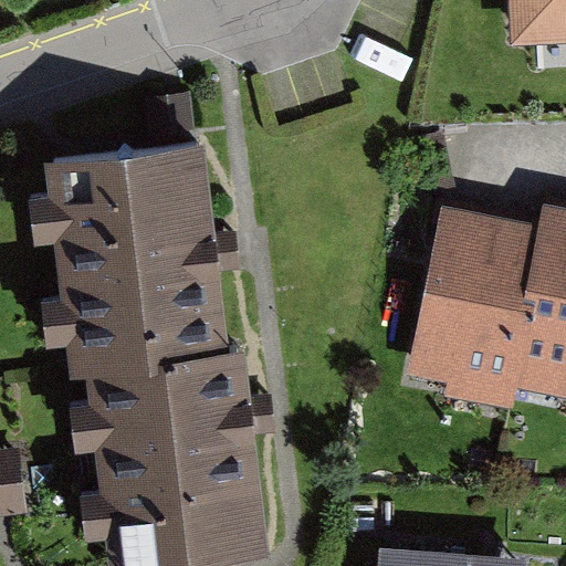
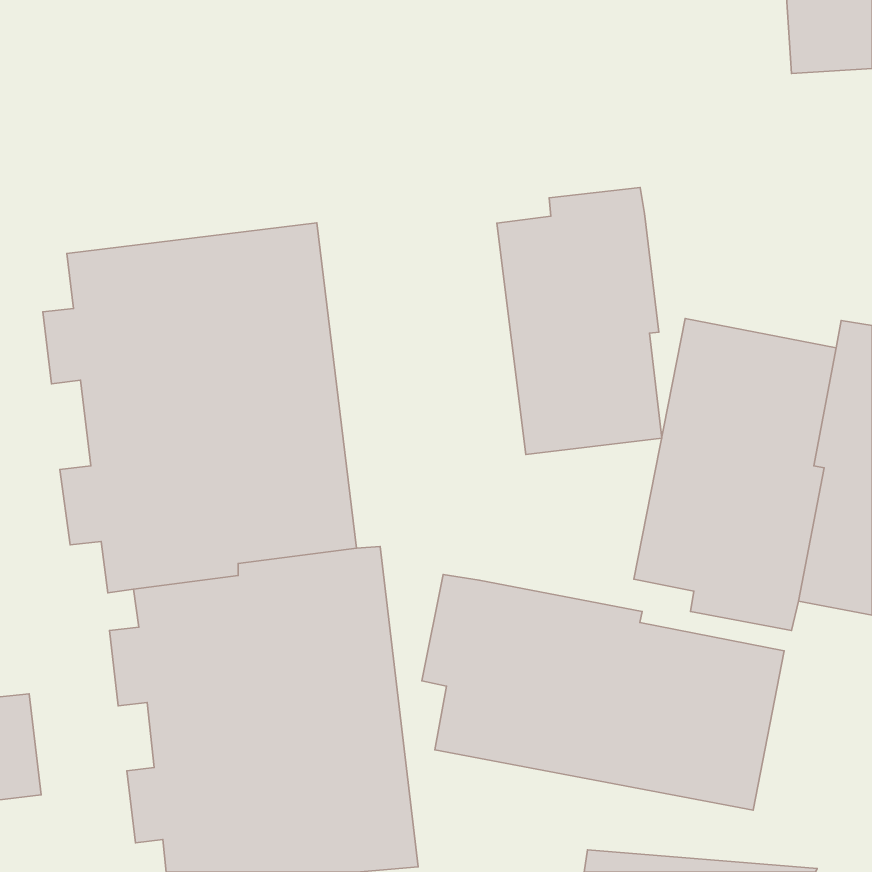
building: none -> [497,187,662,455]
building: none -> [422,574,784,810]

